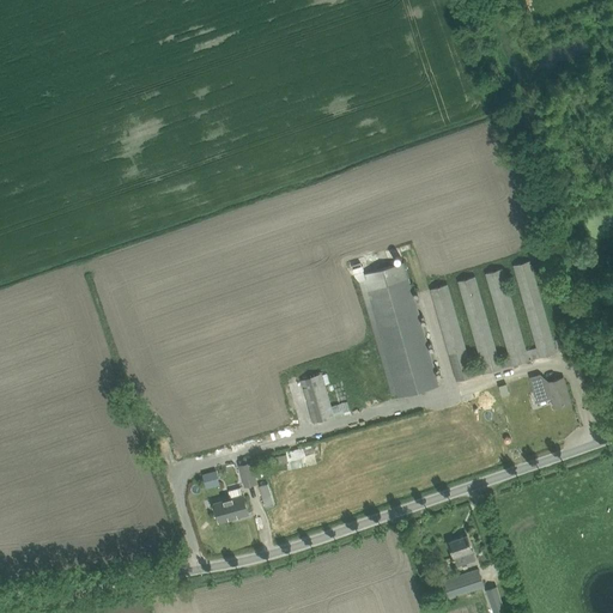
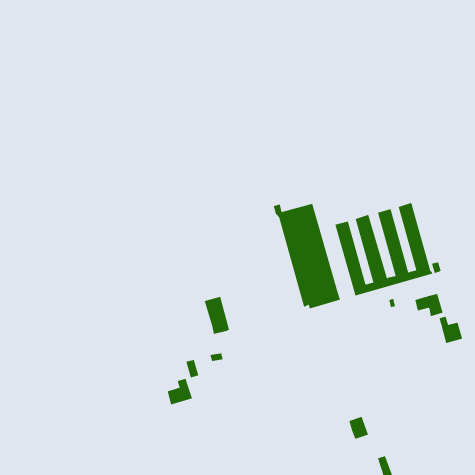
building: [301,374,334,423] -> [204,296,230,334]
building: none -> [439,316,463,344]
building: [443,570,484,597] -> none

